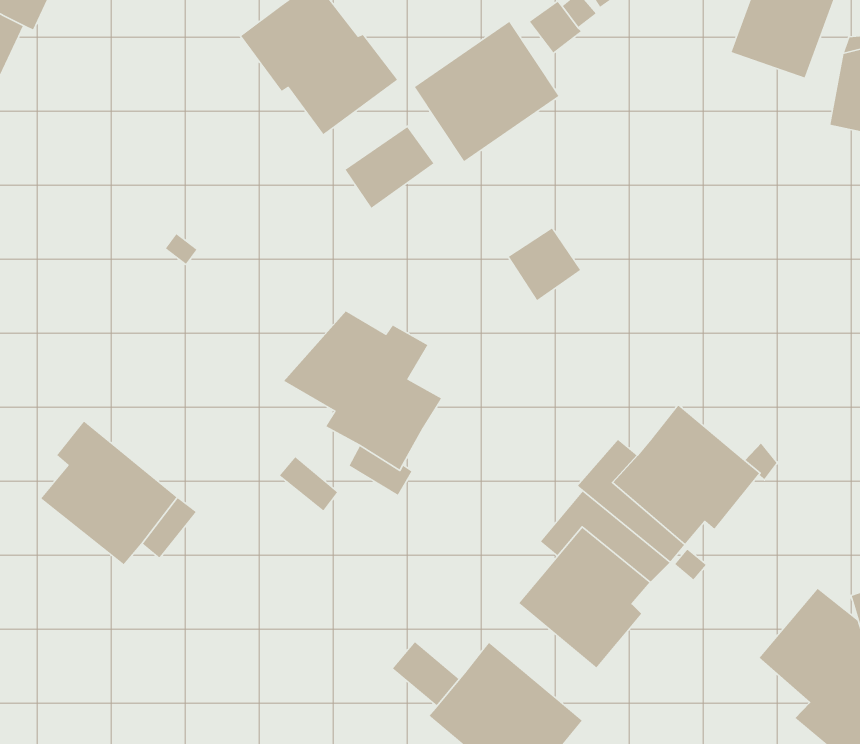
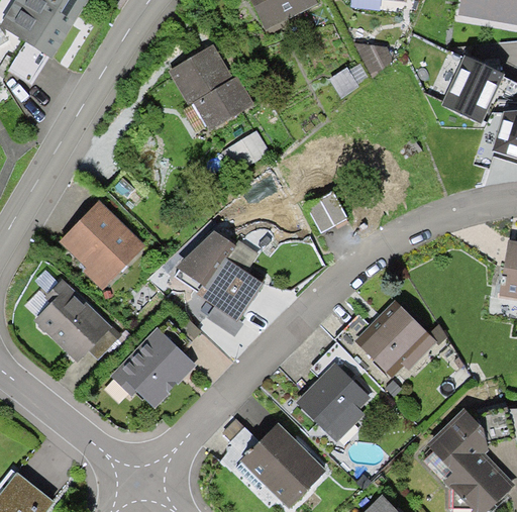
building: [414,21,560,162] -> none
building: none -> [60,200,145,290]
building: none -> [111,327,197,408]

